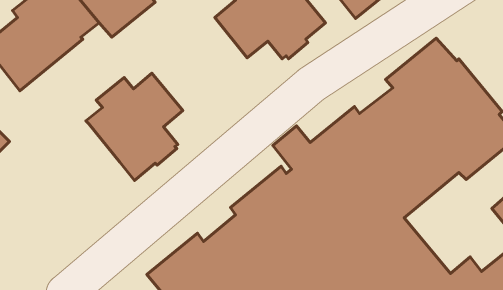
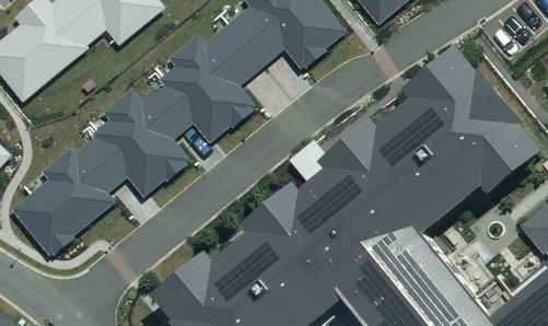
building: none -> [159,24,263,142]
building: none -> [11,137,128,255]

